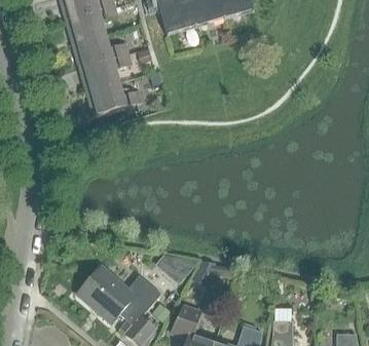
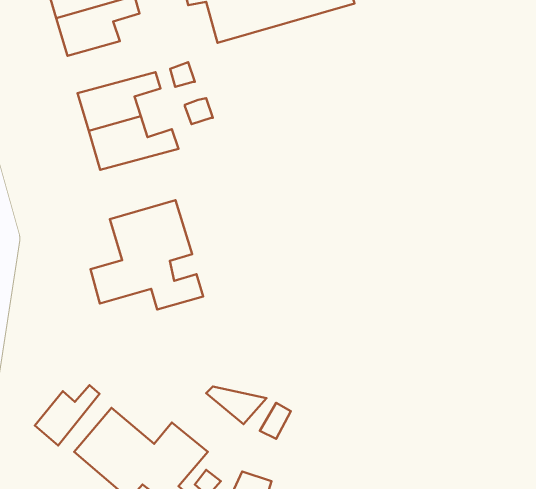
building: [72,34,127,67] -> none
building: none -> [90,200,203,309]
building: none -> [35,385,100,445]

